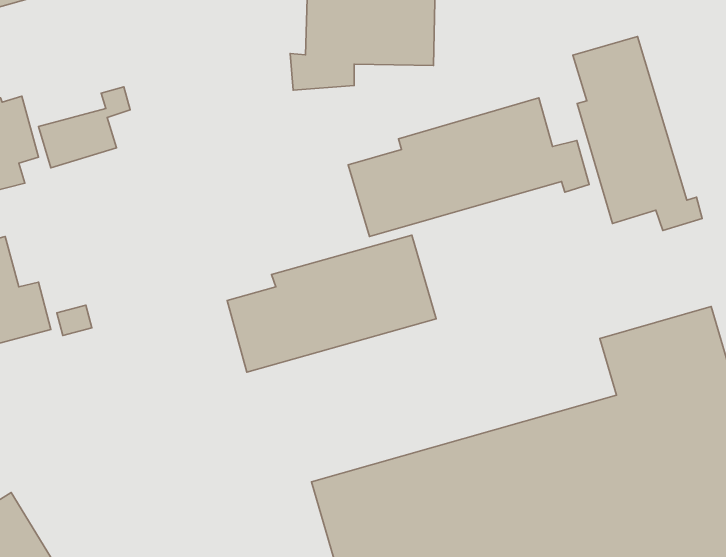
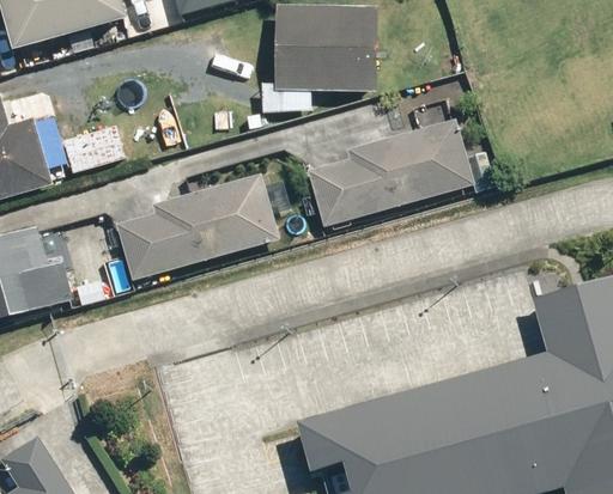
building: [573,37,702,231] -> none
building: [227,235,436,372] -> [116,172,280,280]

